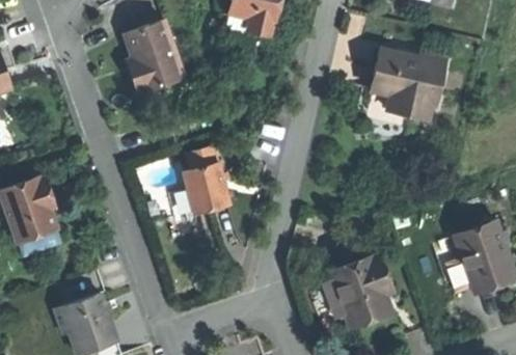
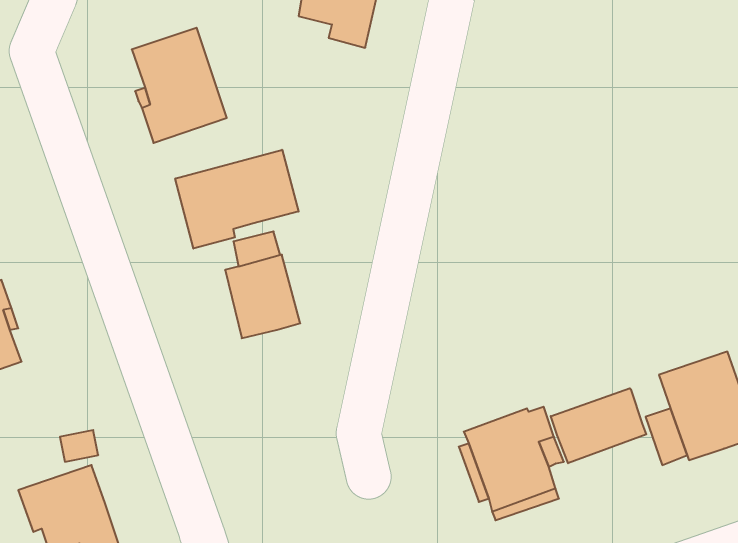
building: [369,51,444,121] -> none
building: none -> [175,150,299,249]
building: none -> [551,388,646,463]

